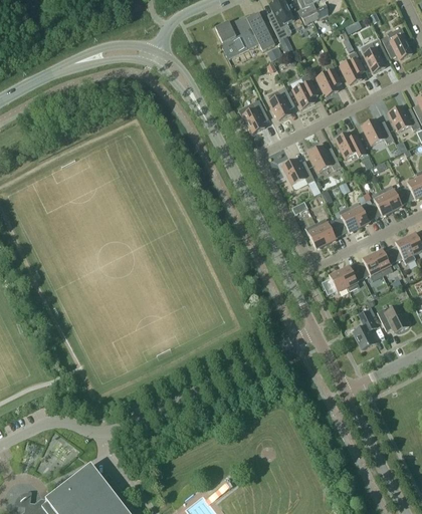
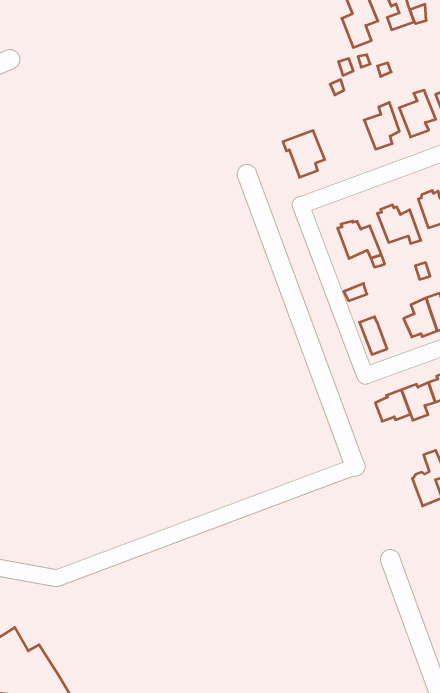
building: [214,15,273,59] -> none
building: [268,86,293,119] -> none
building: [313,218,341,244] -> none

